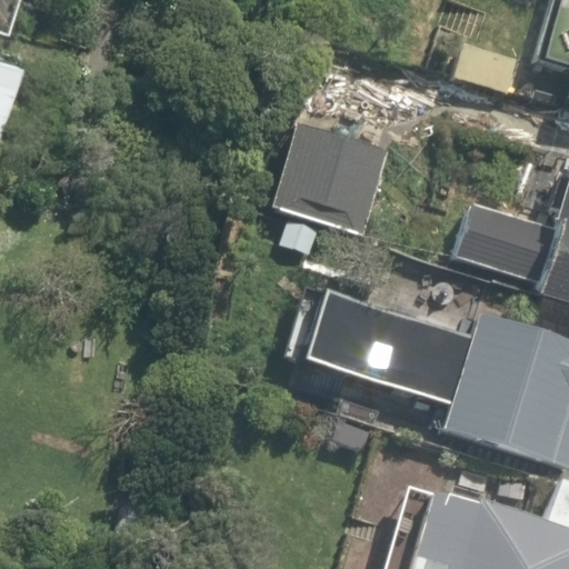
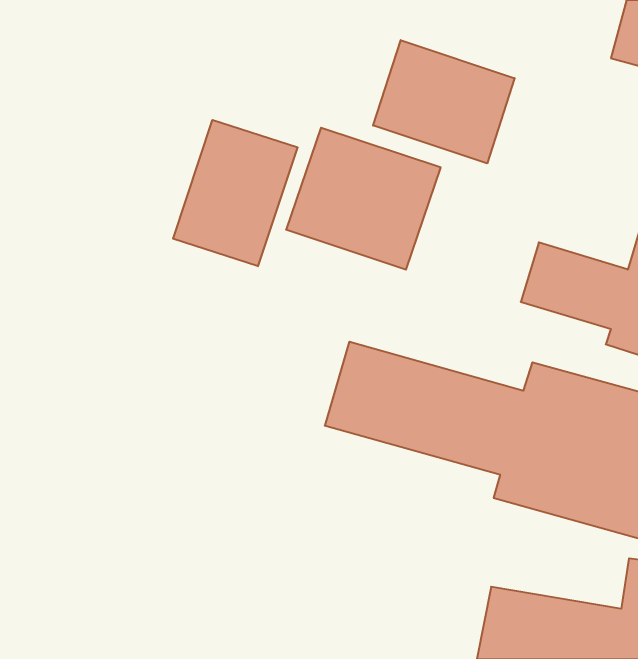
building: none -> [373,40,515,163]
building: none -> [173,120,298,266]

